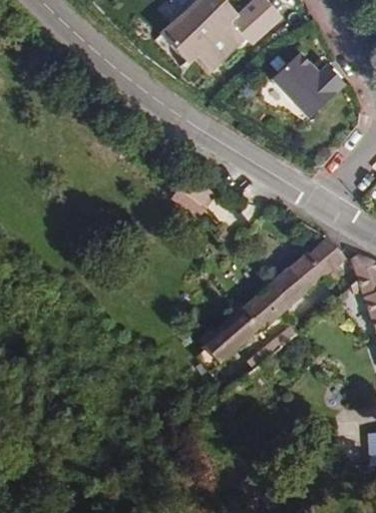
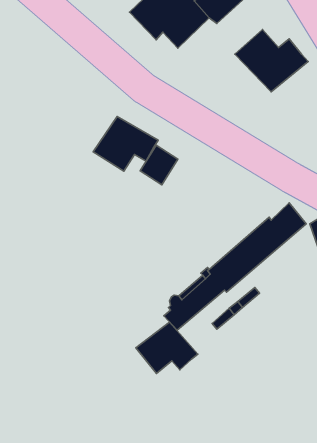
building: none -> [93,116,158,171]
building: none -> [136,322,198,373]

